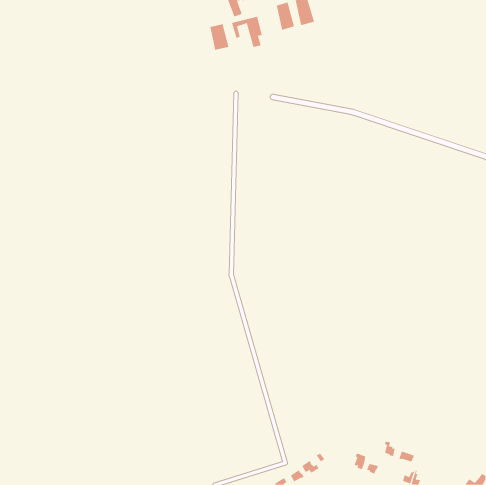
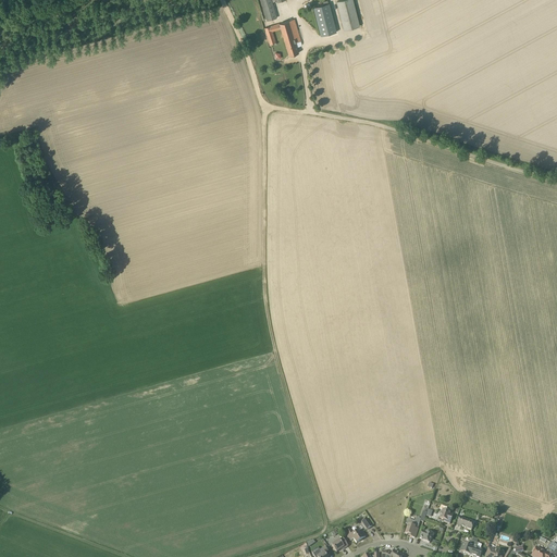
building: [210,23,229,50] -> none

